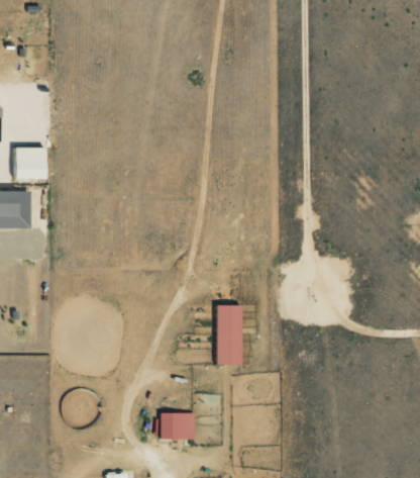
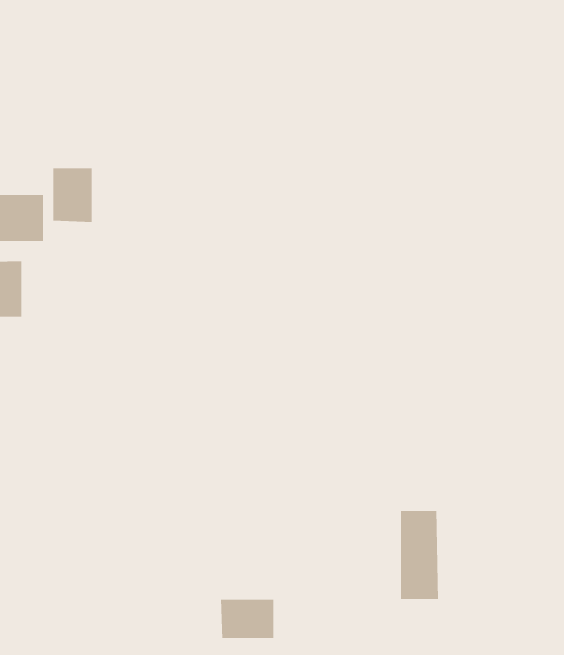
building: none -> [52,168,92,223]
building: [217,306,242,365] -> [400,510,439,600]

